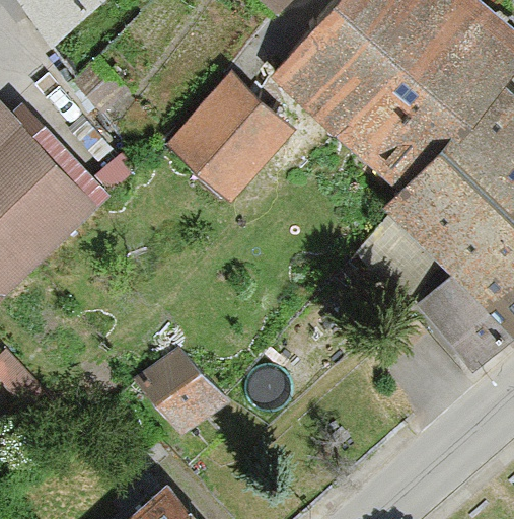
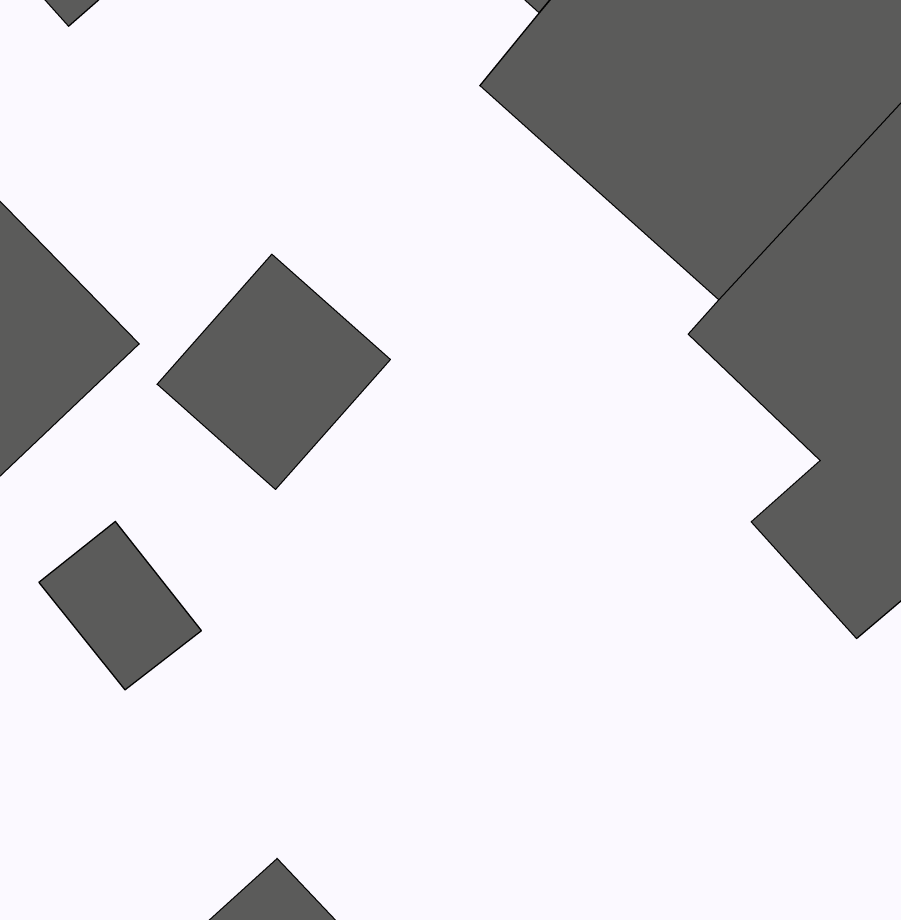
building: [169,73,293,198] -> [157,254,390,489]
building: [139,347,225,436] -> [39,521,201,690]

